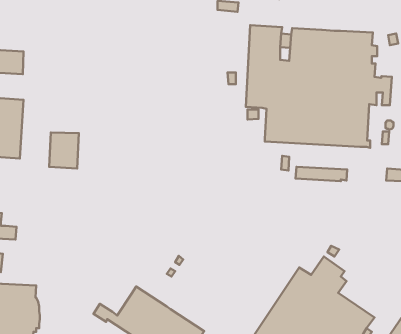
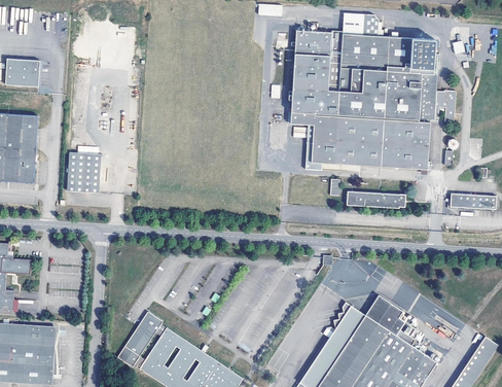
building: none -> [343,13,378,36]
building: none -> [124,311,166,356]

